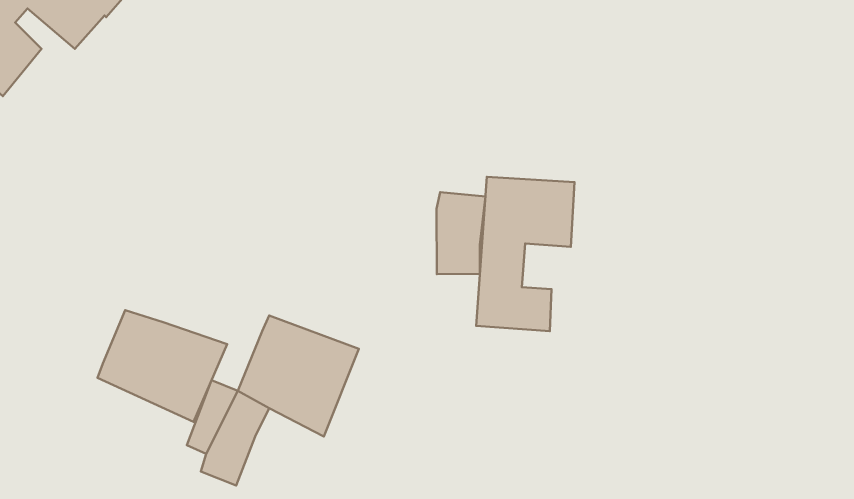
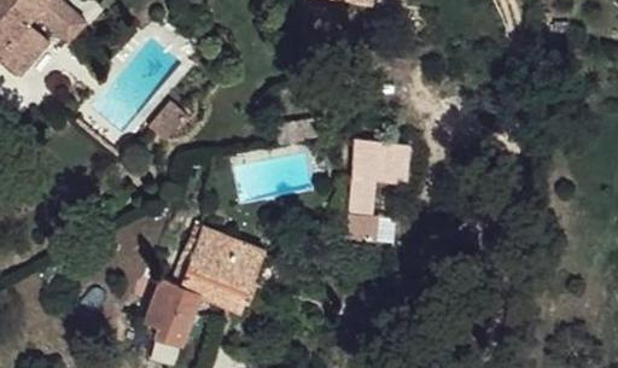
building: [437,192,485,274] -> none
building: [97,310,227,422] -> none

